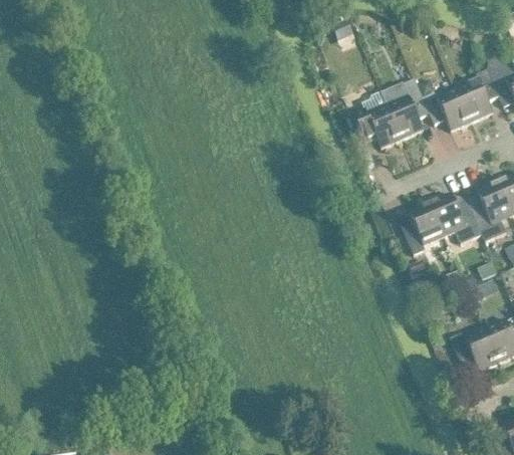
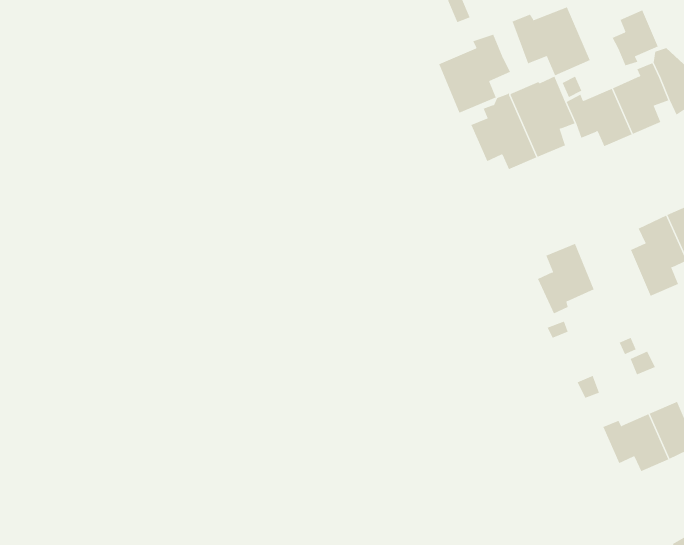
building: none -> [512,6,591,76]
building: none -> [612,10,658,66]
building: none -> [439,34,511,114]
building: [432,192,487,242] -> none

